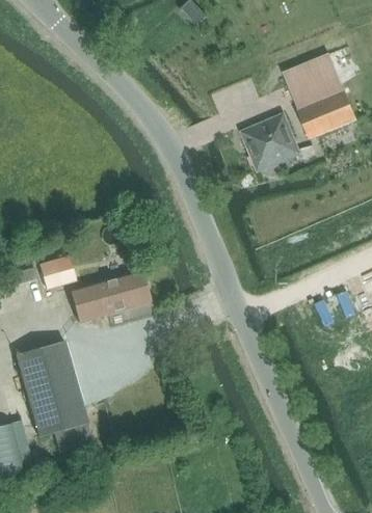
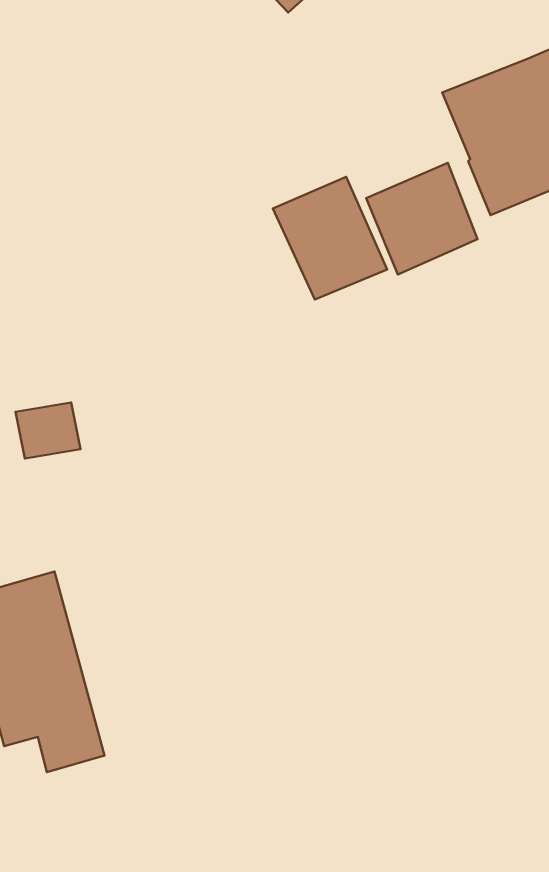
building: none -> [273,177,387,300]
building: [71,271,151,322] -> none

